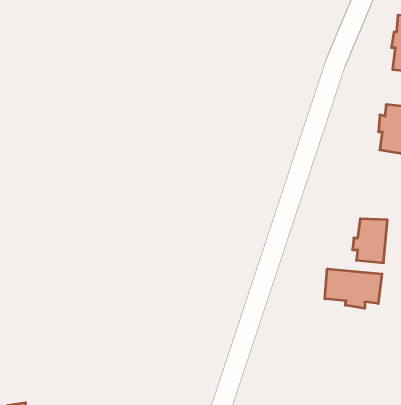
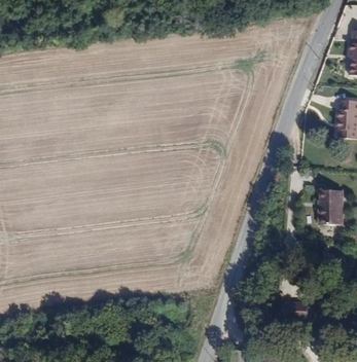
building: [325,269,382,308] -> none

